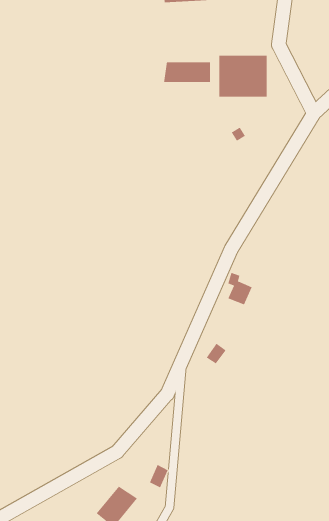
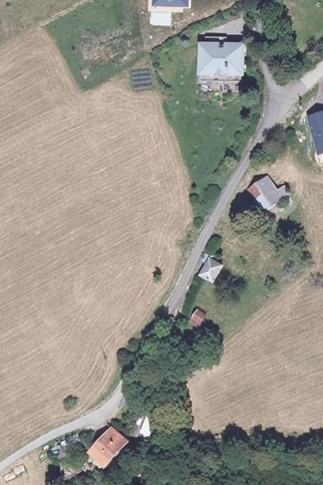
building: [163,61,211,83] -> none
building: none -> [249,173,288,210]

